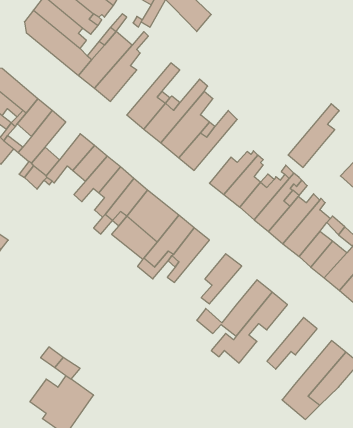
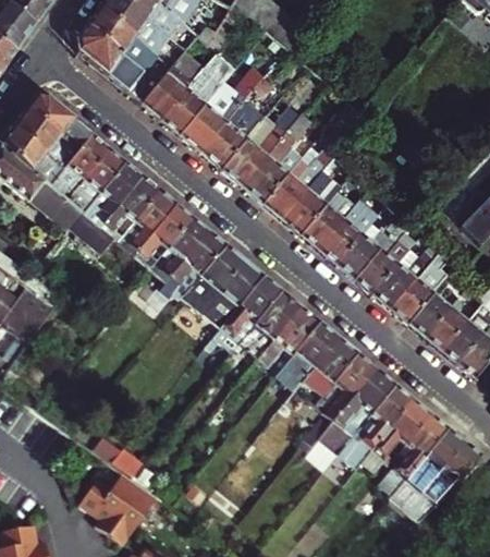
building: none -> [181,81,254,153]
building: [288,104,339,167] -> [282,158,344,235]
building: none -> [101,161,144,207]
building: none -> [258,305,320,366]
building: none -> [314,337,358,384]
building: none -> [336,384,415,470]
building: none -> [393,413,449,481]

